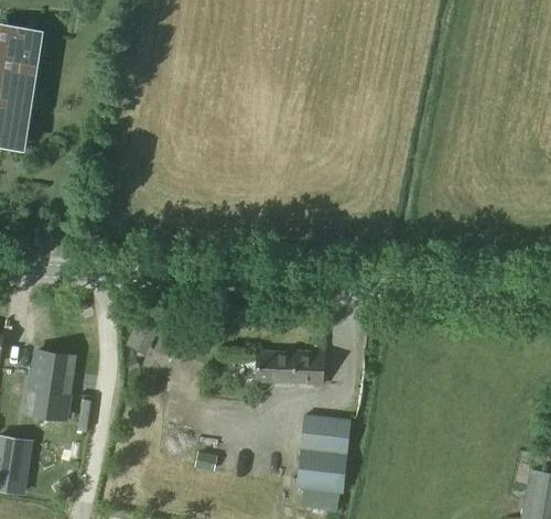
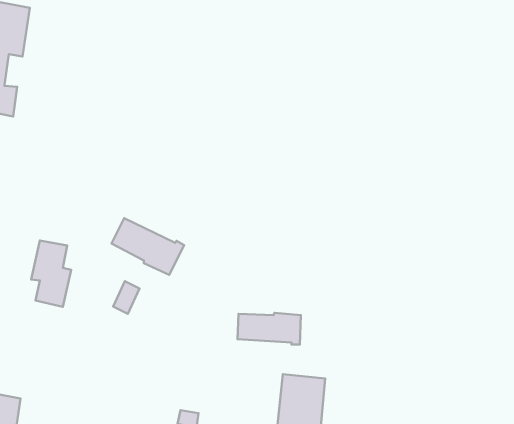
building: none -> [112,218,184,275]
building: [29,355,71,424] -> [31,240,71,307]

